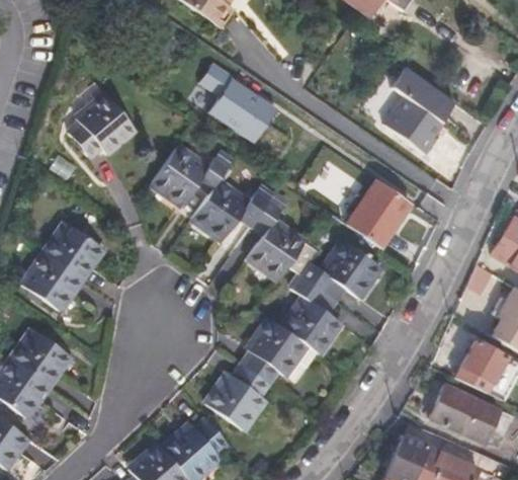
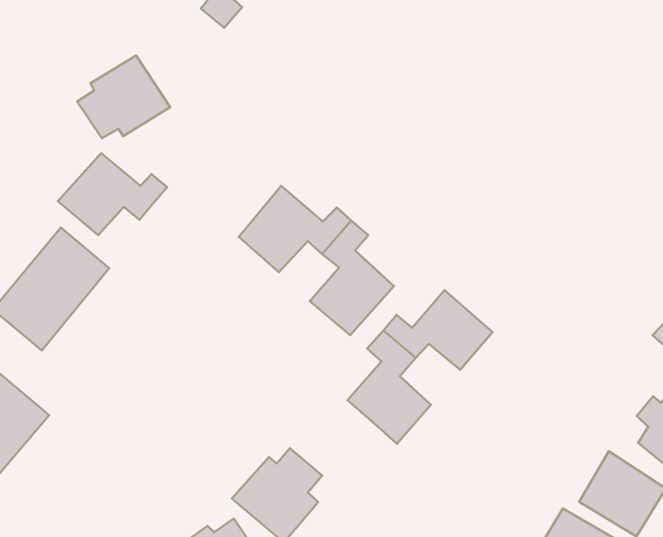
building: [189,64,280,141] -> none
building: [384,68,455,155] -> none
building: [150,143,227,202] -> [58,153,167,235]
building: [356,186,422,254] -> none
building: [244,315,308,379] -> none

